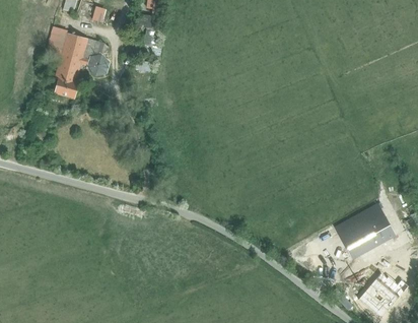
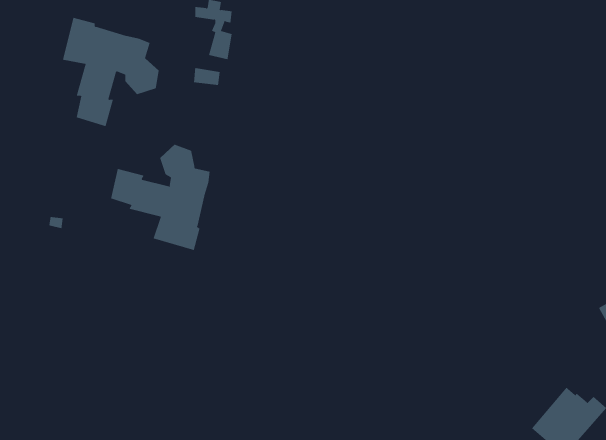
building: none -> [110,144,210,251]
building: [335,203,395,258] -> none

